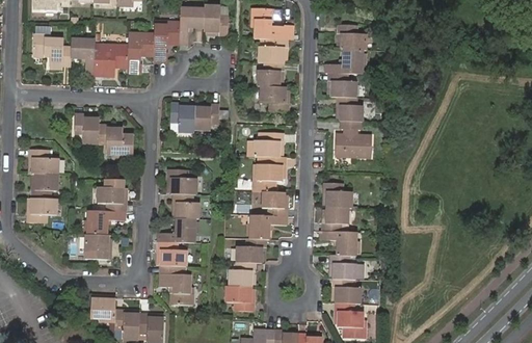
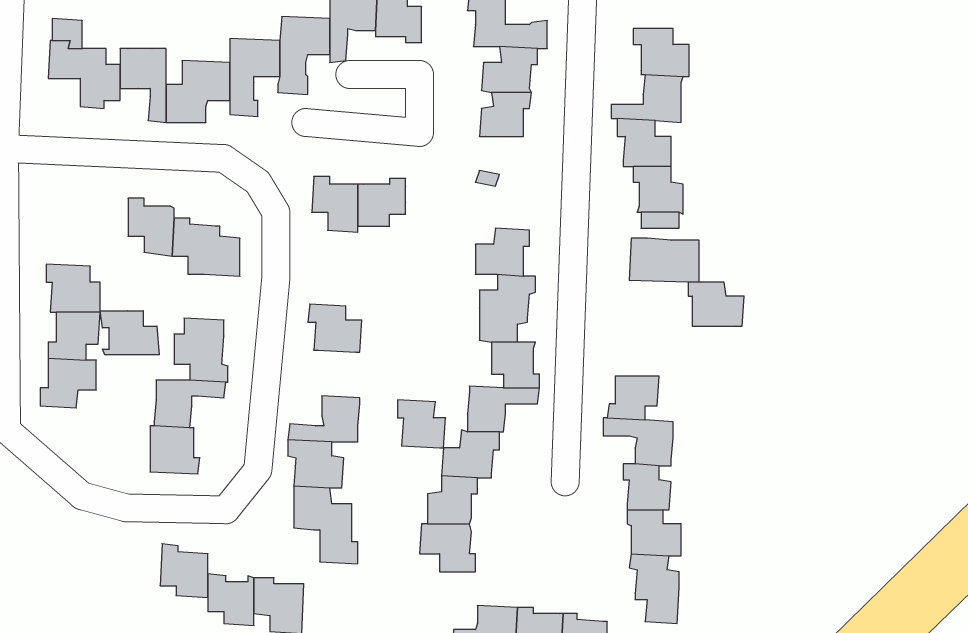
building: [259,83,289,109] -> none
building: none -> [100,311,159,355]
building: [325,185,354,208] -> [688,282,744,326]
building: [172,194,197,219] -> [398,400,446,448]

